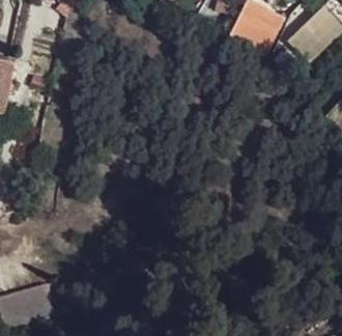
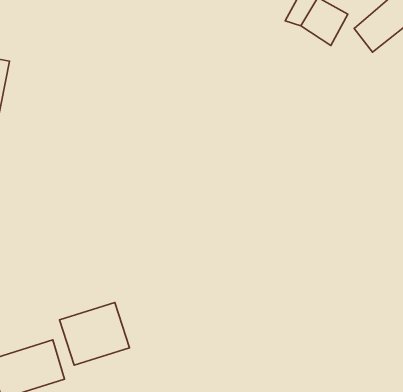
building: none -> [59,302,130,365]

